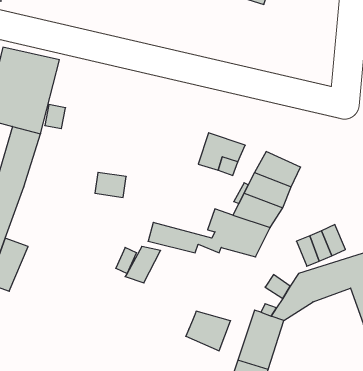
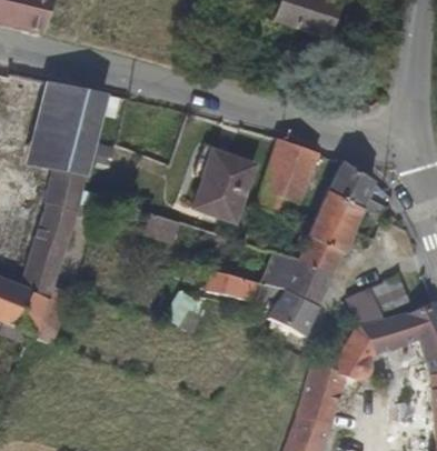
building: none -> [266,138,320,187]
building: none -> [195,152,255,220]
building: none -> [327,161,375,210]
building: [186,311,231,351] -> [268,295,316,338]

